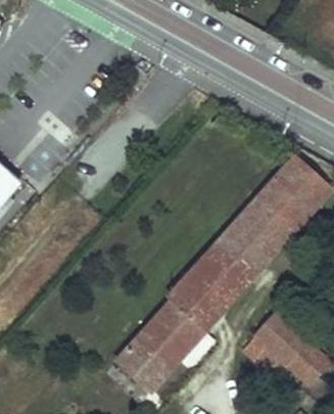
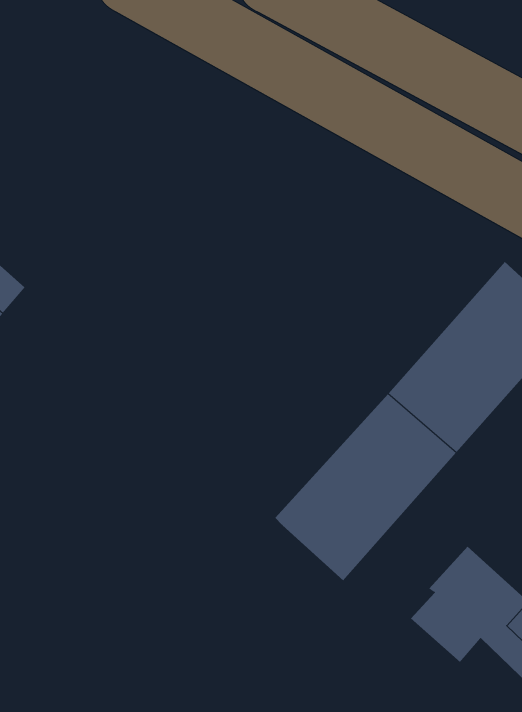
building: [115,301,205,394] -> none

